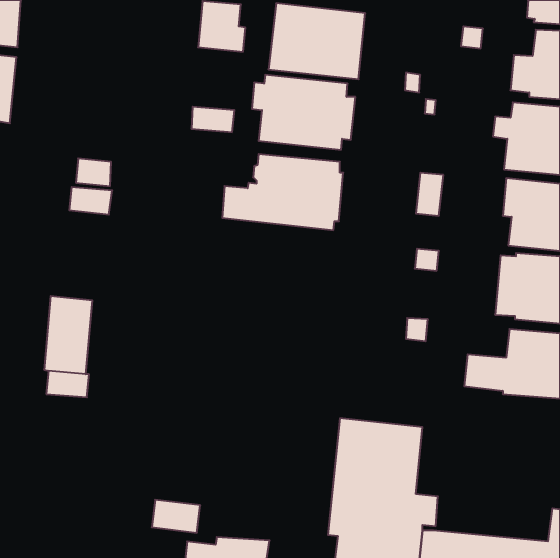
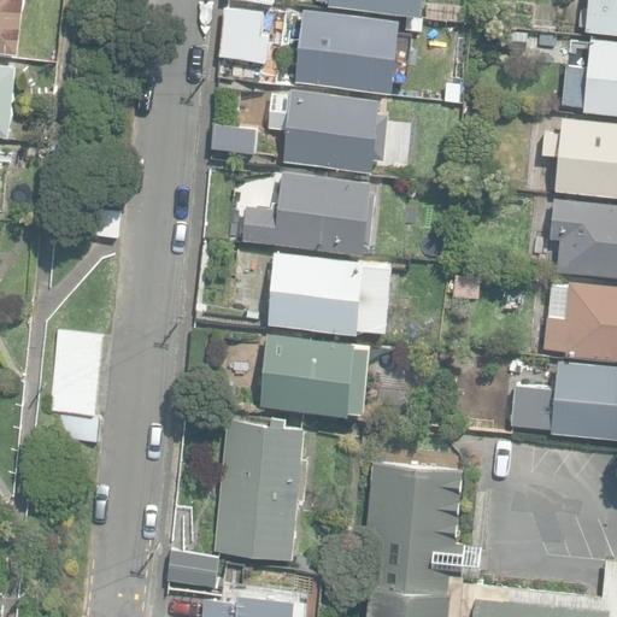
building: none -> [270,254,393,334]
building: none -> [263,336,370,416]
building: none -> [213,418,310,562]

